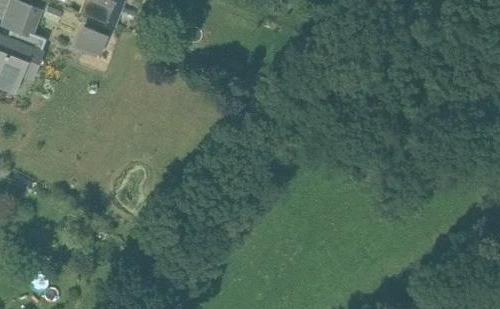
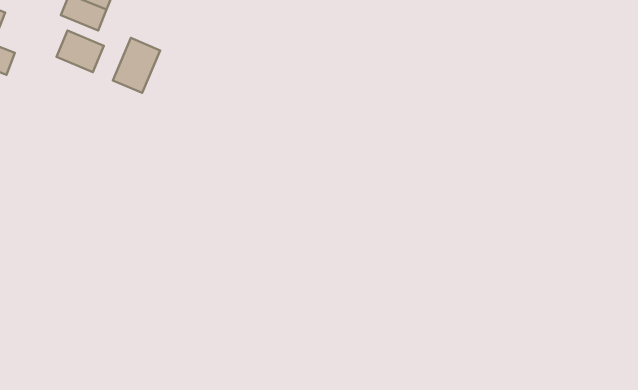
building: none -> [113,38,160,93]

